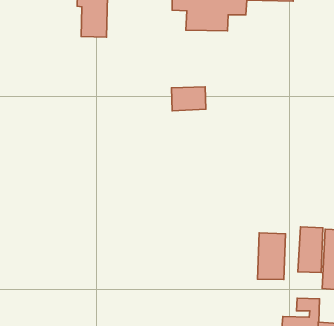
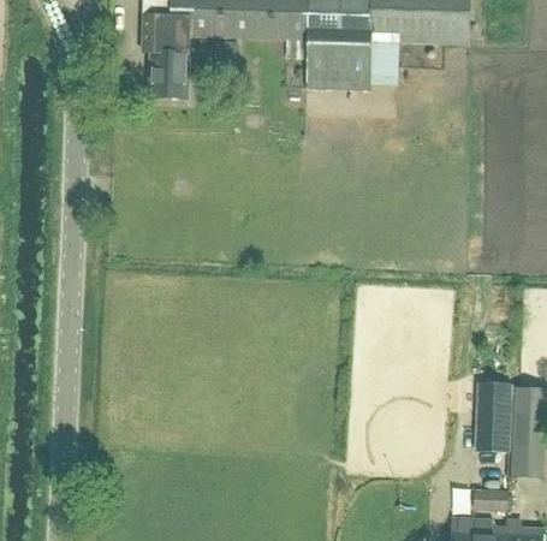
building: [172,87,206,111] -> none
building: [257,233,286,280] -> none

